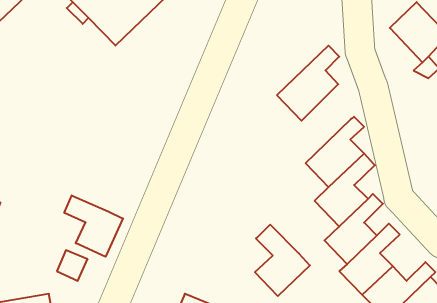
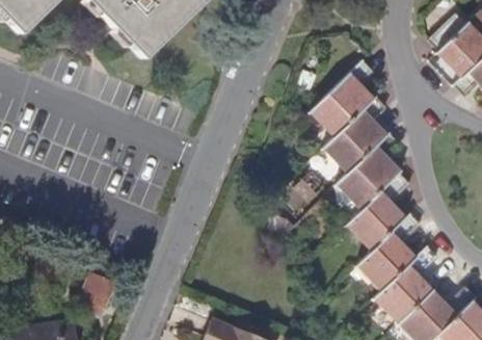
building: none -> [326,99,391,175]
building: [64,195,123,257] -> none
building: [255,225,310,296] -> none

